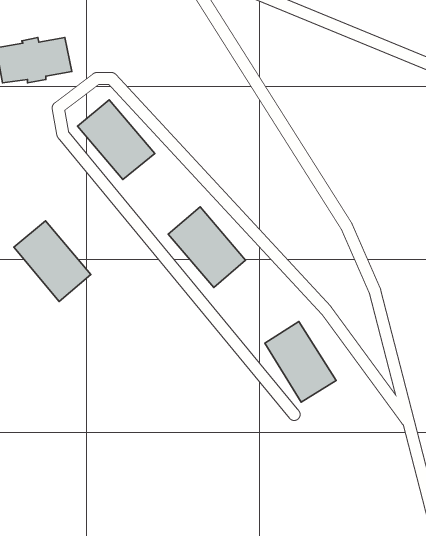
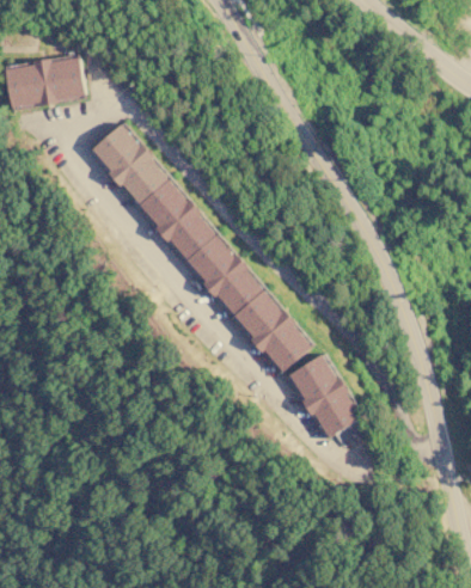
building: [14,221,91,302] -> [139,178,220,263]
building: none -> [234,290,316,375]

